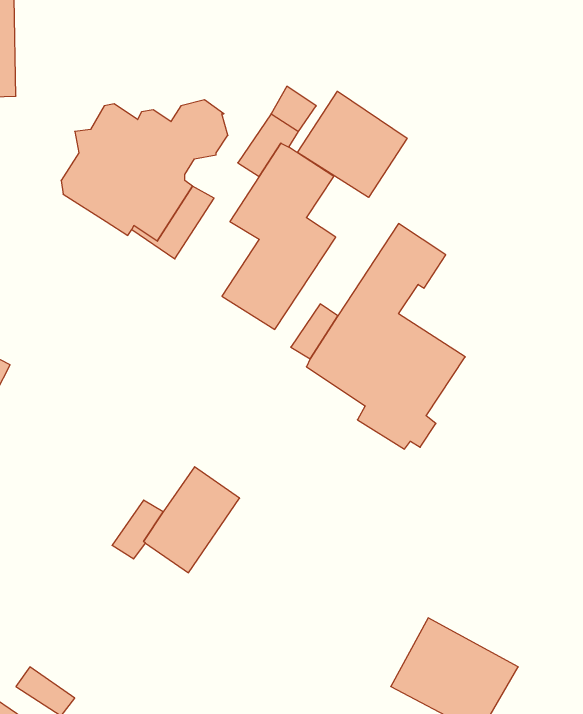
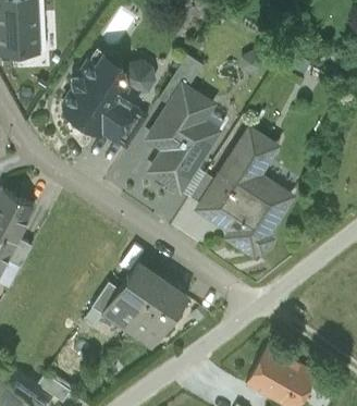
building: [298,91,407,197] -> none
building: none -> [134,281,187,340]

